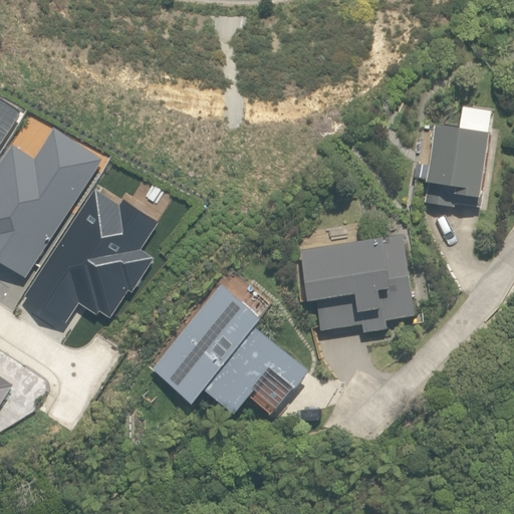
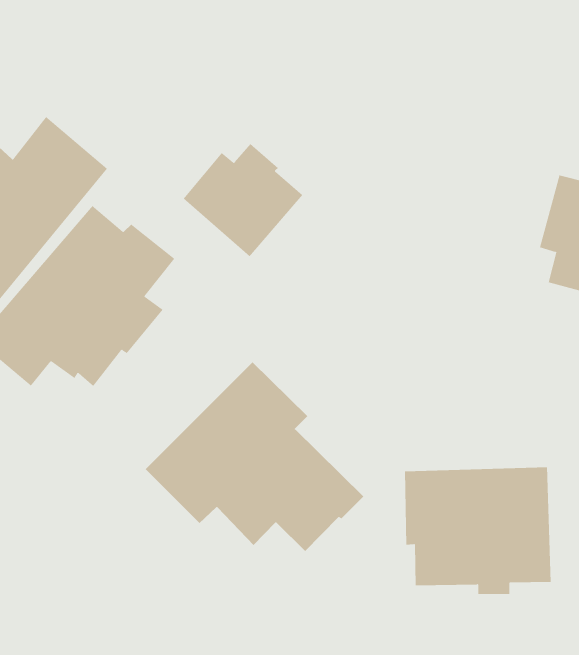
building: none -> [183,143,303,257]
building: [300,236,414,332] -> [404,467,551,595]

